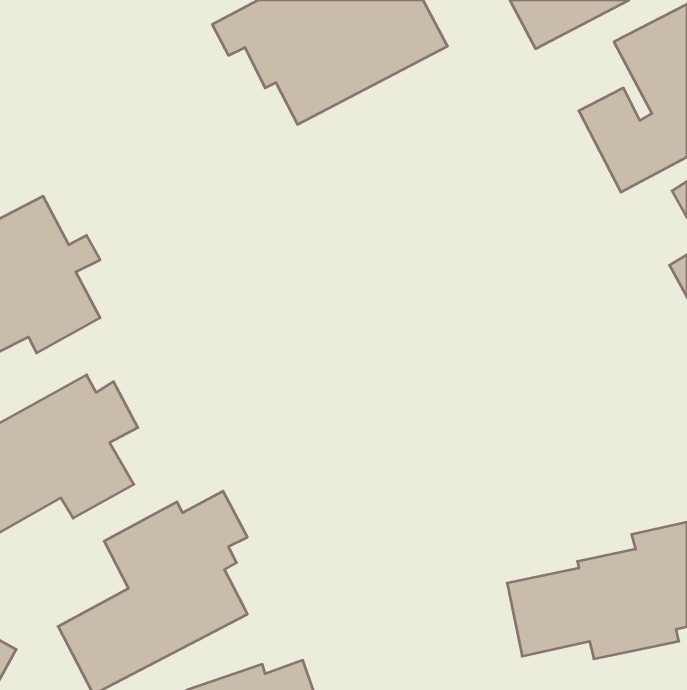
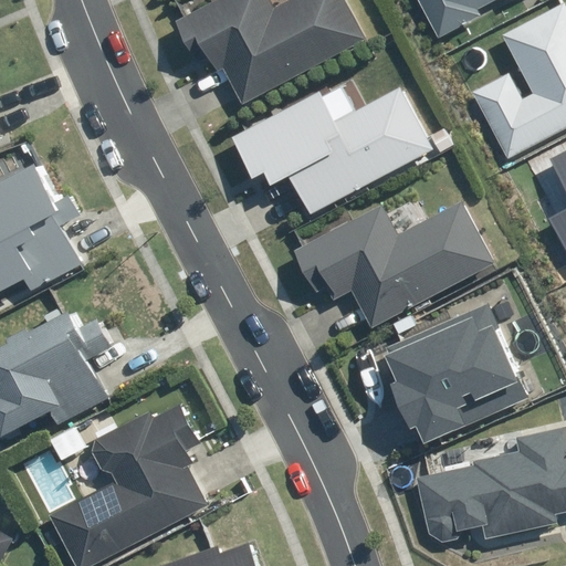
building: none -> [232,90,433,217]
building: none -> [290,200,491,327]
building: none -> [387,317,518,443]

